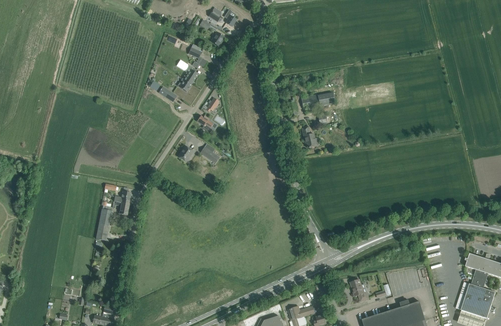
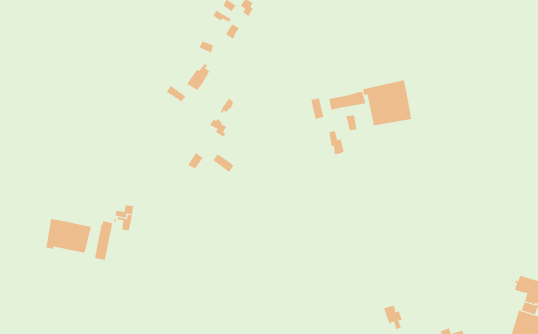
building: none -> [362,79,412,126]
building: none -> [46,218,91,253]

